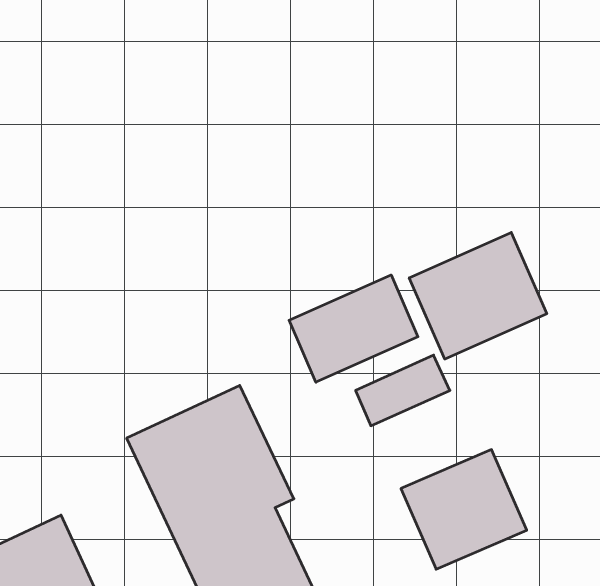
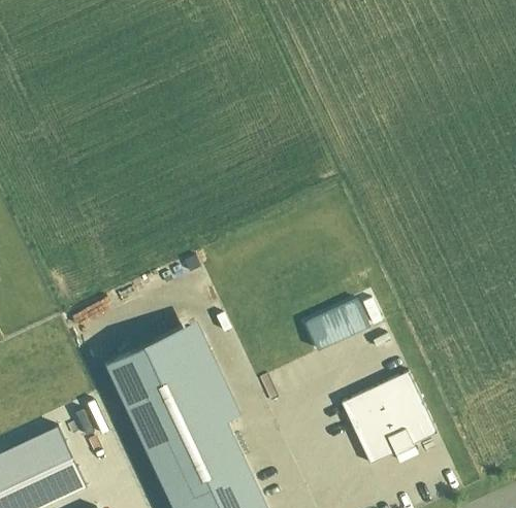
building: [409,232,547,359] -> none
building: [289,275,418,382] -> none

